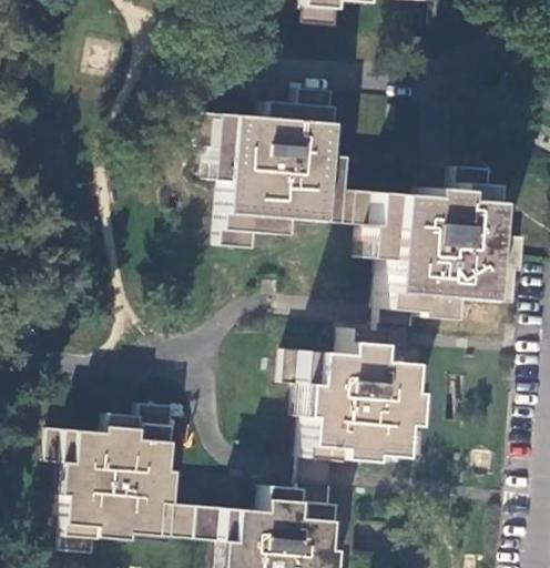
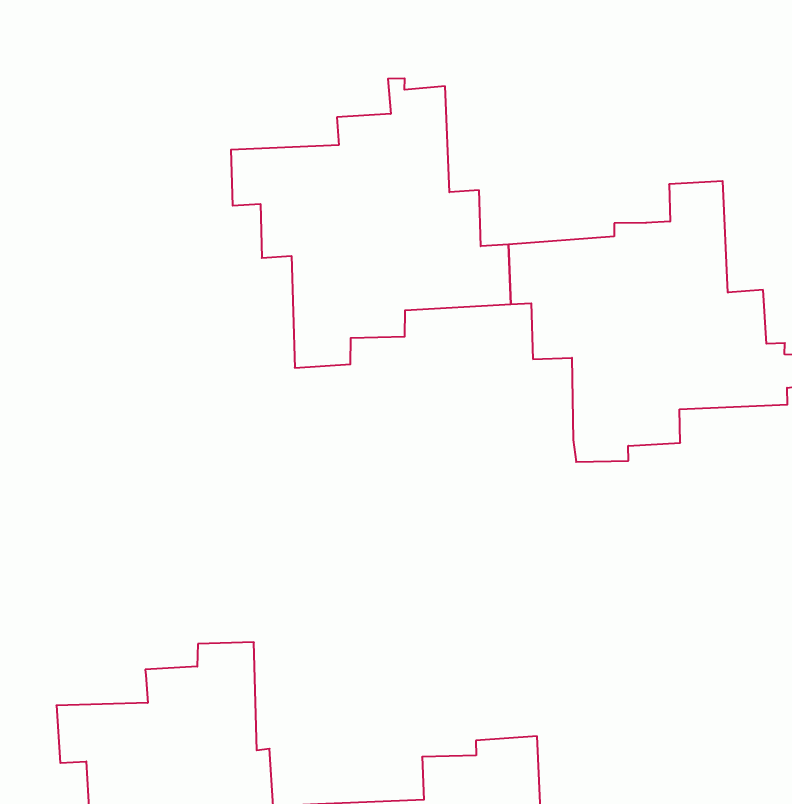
building: [288,324,430,484] -> none

